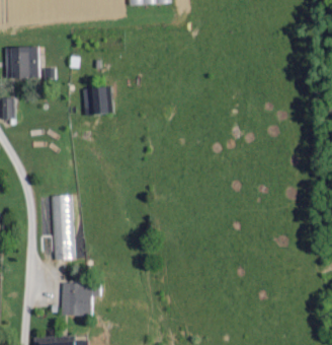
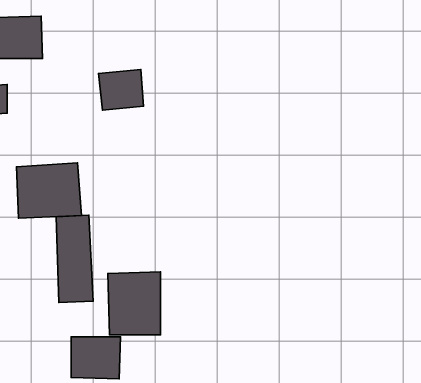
building: none -> [17,163,82,218]
building: none -> [108,272,160,335]

